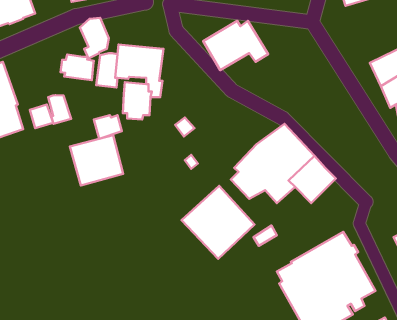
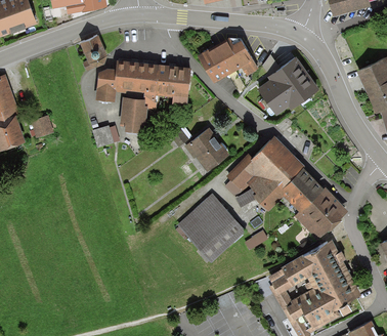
building: none -> [258,52,318,112]
building: none -> [155,60,190,101]
building: [60,55,94,80] -> none
building: [48,95,71,124] -> none
building: none -> [183,125,229,169]
building: [70,135,123,185] -> none
building: none -> [294,183,347,239]

